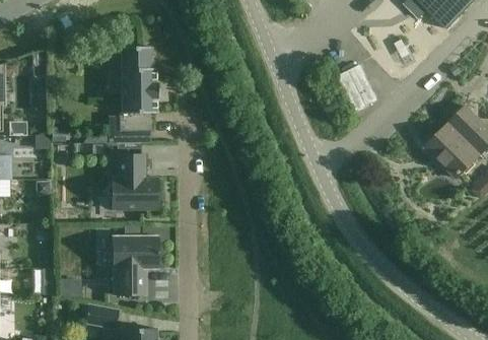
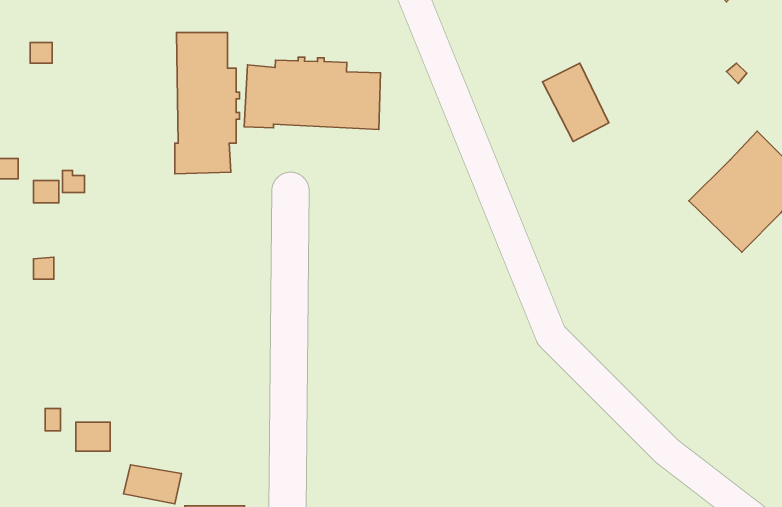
building: none -> [244,57,380,129]
building: [111,154,156,210] -> none
building: [112,236,157,295] -> none

